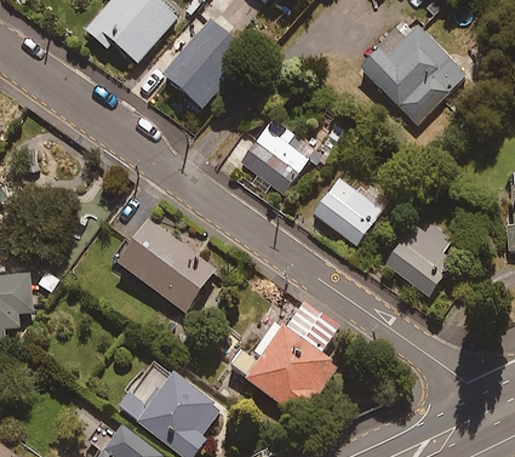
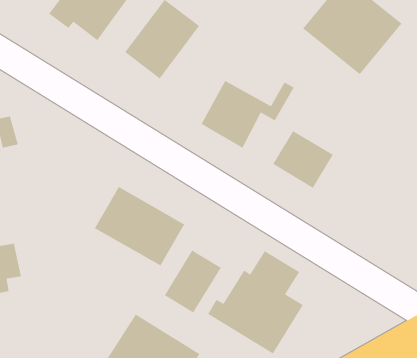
building: [387,219,453,292] -> none
building: none -> [164,250,222,314]

